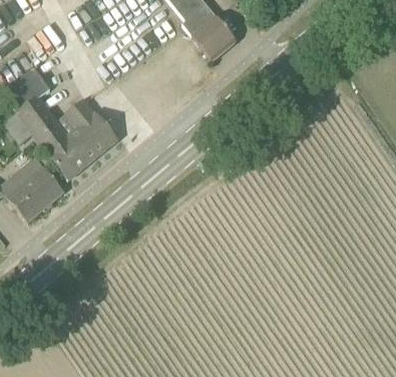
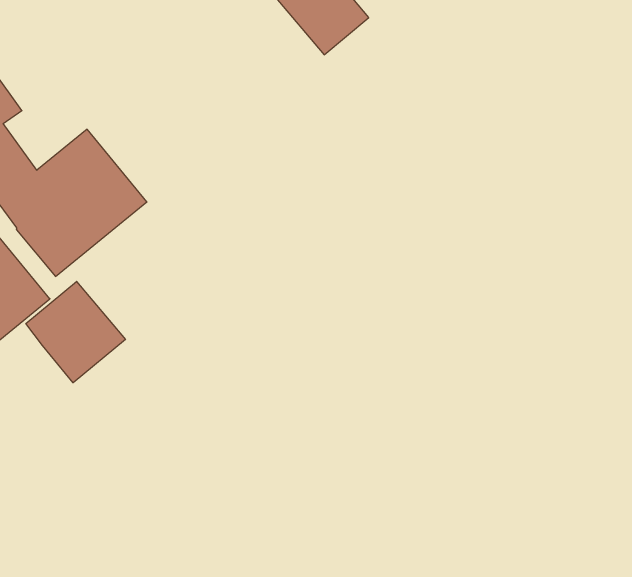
building: none -> [26,281,125,383]

